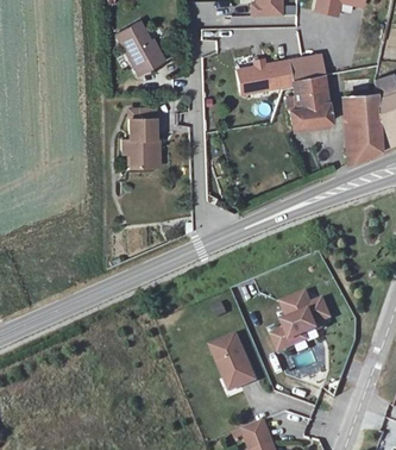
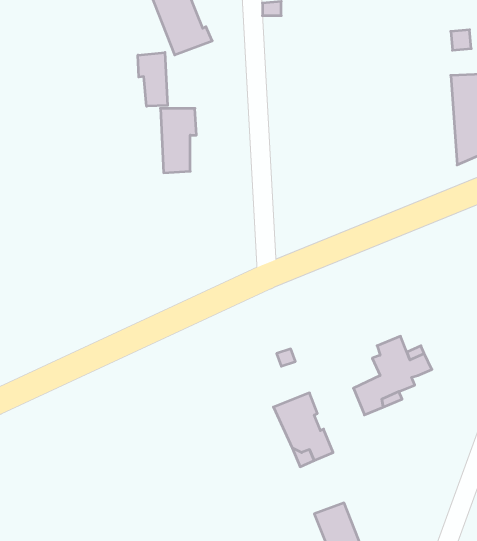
building: [245,54,331,126] -> none
building: none -> [138,52,168,106]

